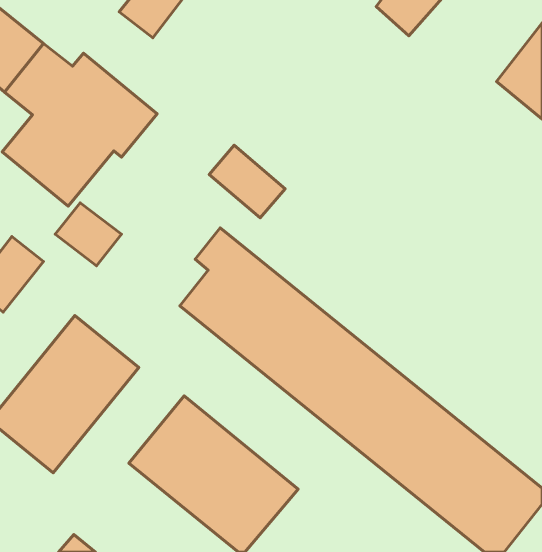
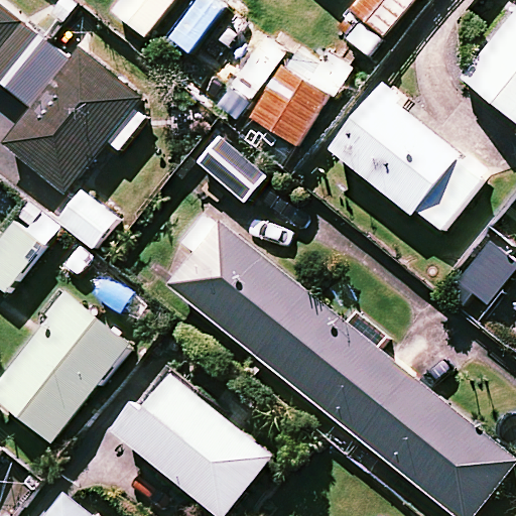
building: none -> [249,67,329,147]
building: none -> [330,90,481,232]

